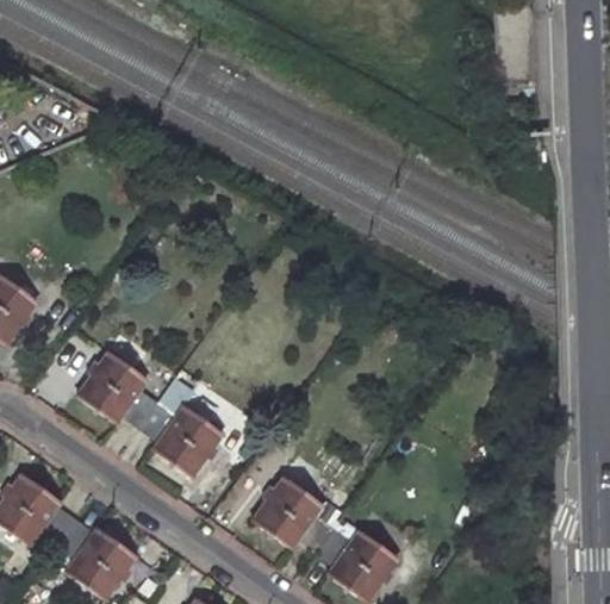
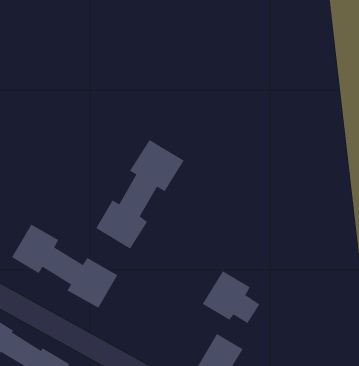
building: none -> [95,139,184,250]
building: [248,474,331,554] -> [202,270,260,324]

